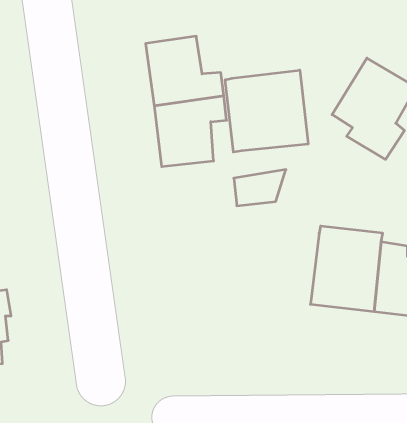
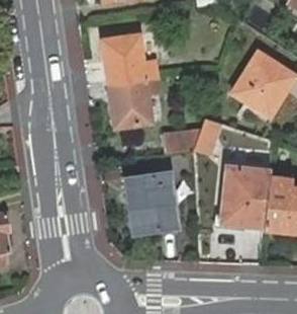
building: [225,70,308,152] -> none
building: none -> [127,169,183,232]

